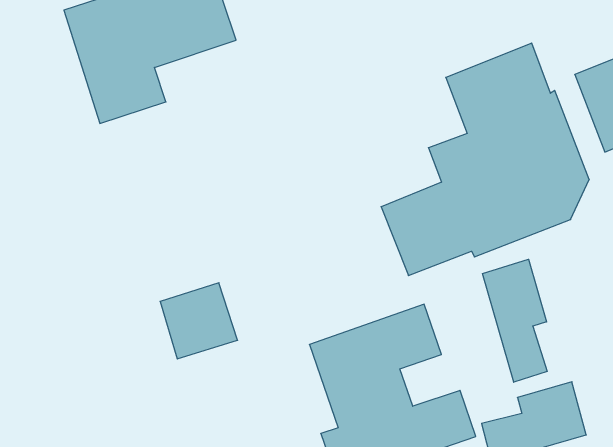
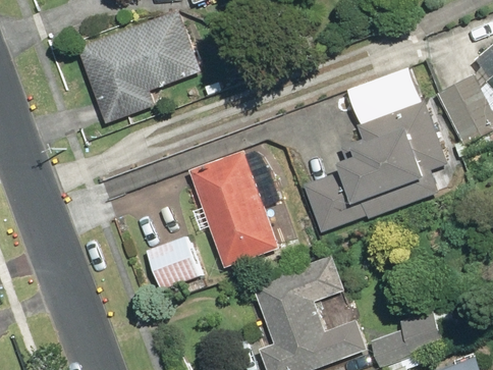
building: none -> [188,153,280,266]
building: [482,259,547,382] -> none

